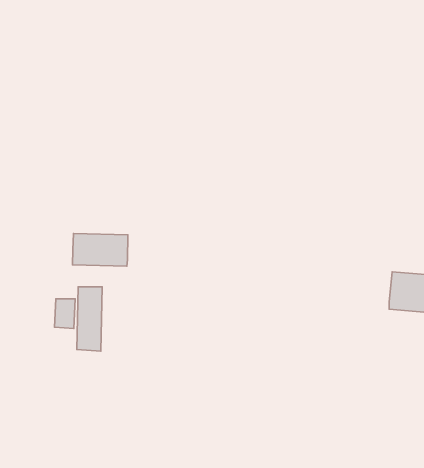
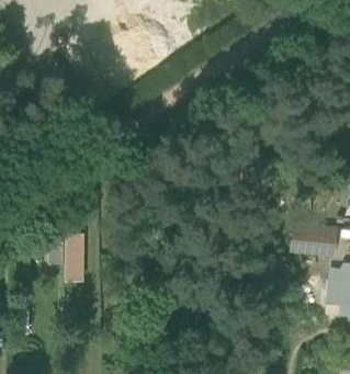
building: [73,233,128,266] -> none

